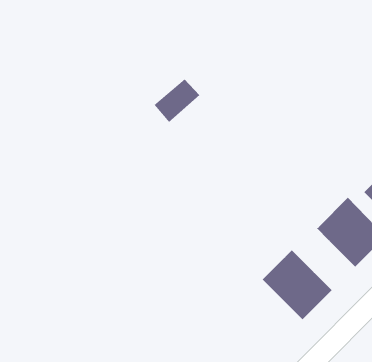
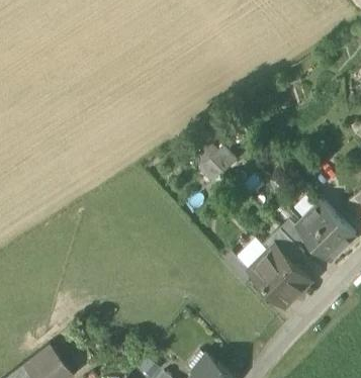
building: [153,78,200,123] -> [200,145,240,182]
building: none -> [264,220,308,266]

